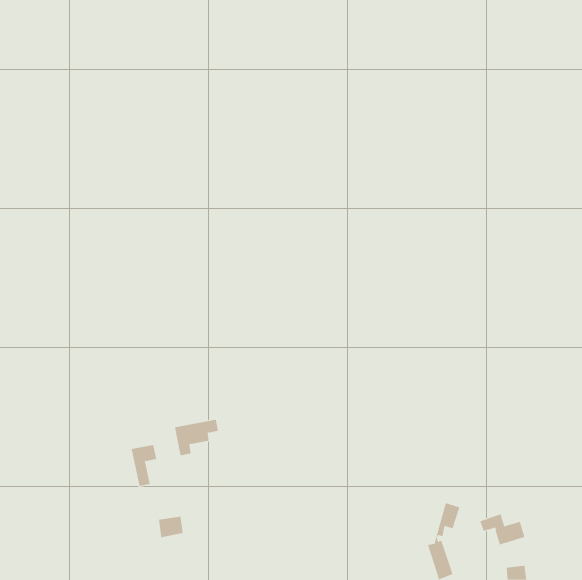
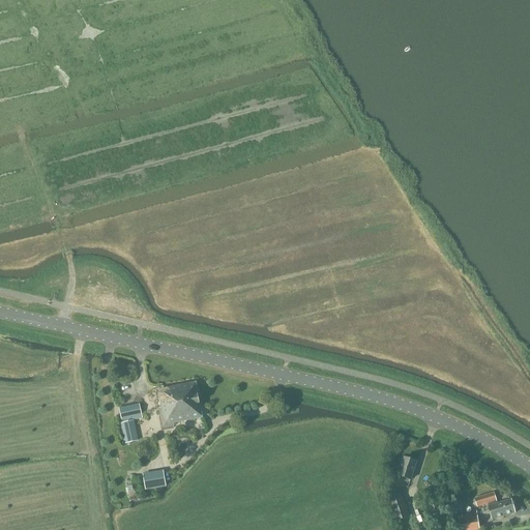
building: none -> [165,391,204,423]
building: [480,513,525,545] -> [475,491,517,520]

